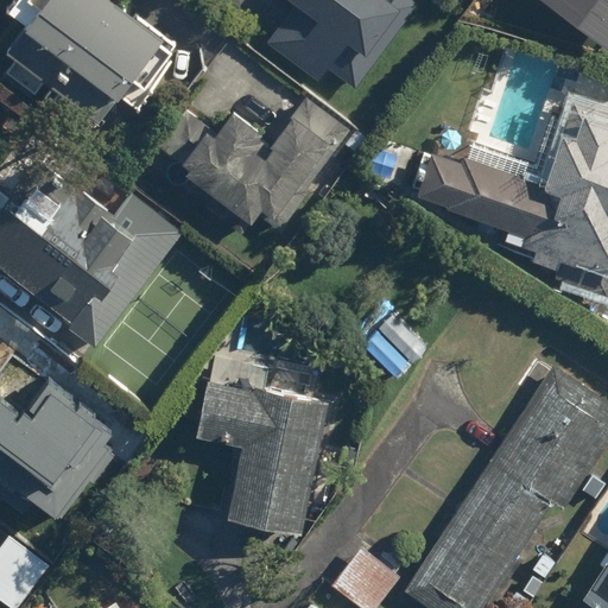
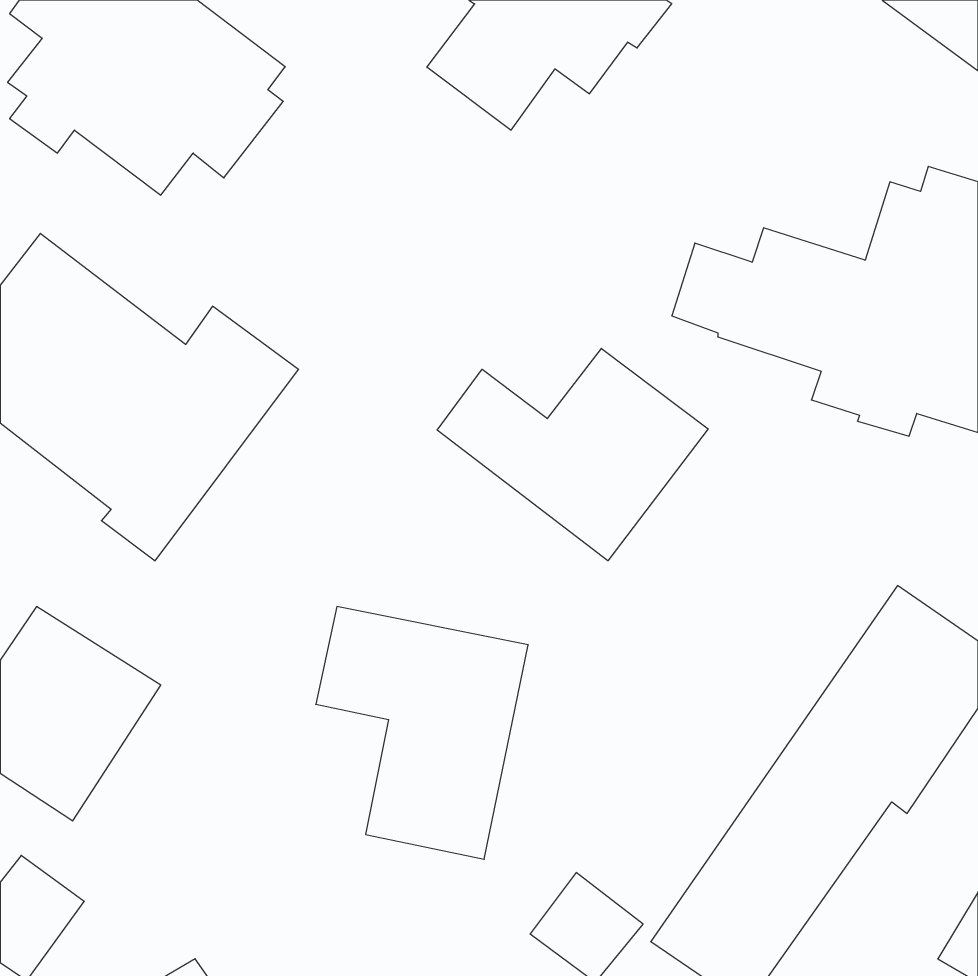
building: [148,91,356,234] -> none
building: none -> [437,348,708,561]

